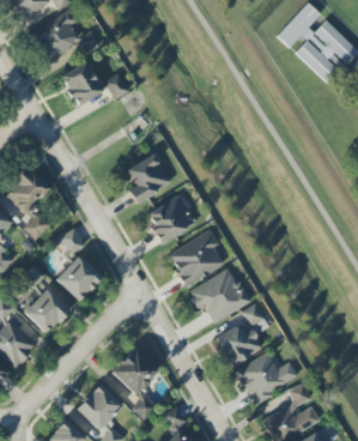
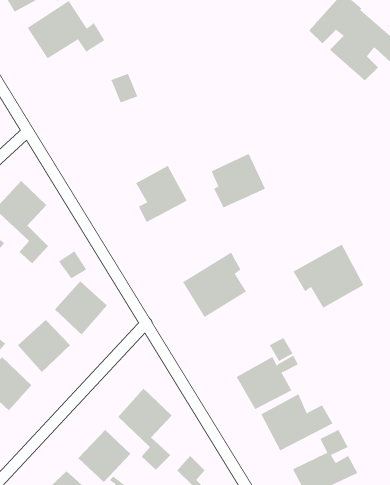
building: [60,62,102,105] -> none
building: [147,195,195,243] -> [211,153,266,208]
building: [187,267,249,324] -> [293,244,364,309]

